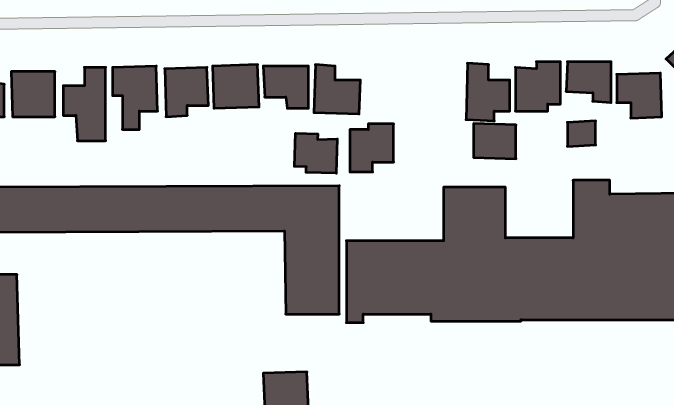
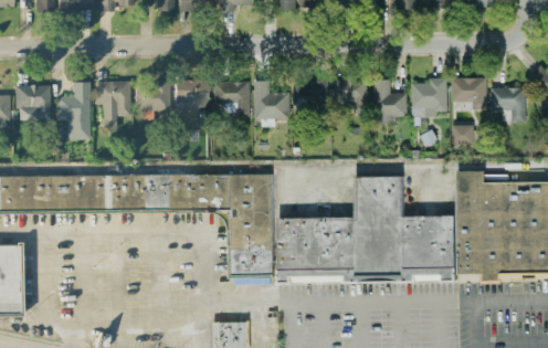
building: [474,124,516,159] -> [334,80,367,107]
building: [350,124,394,172] -> [293,80,327,117]
building: [294,133,337,173] -> none

